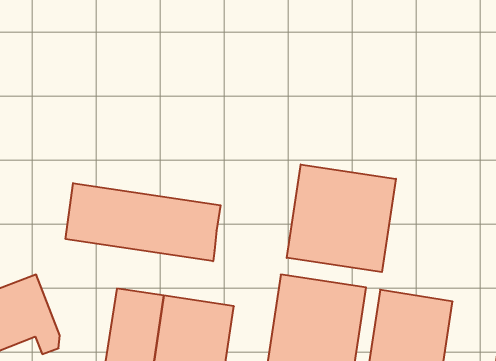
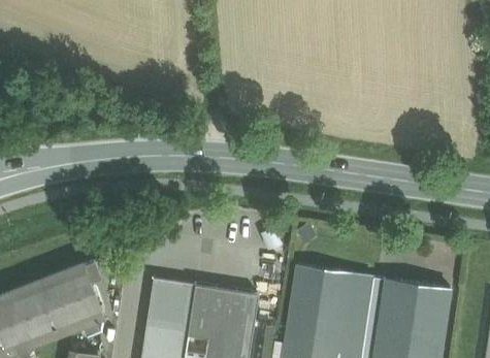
building: [287,164,396,272] -> none
building: [66,183,221,261] -> none

